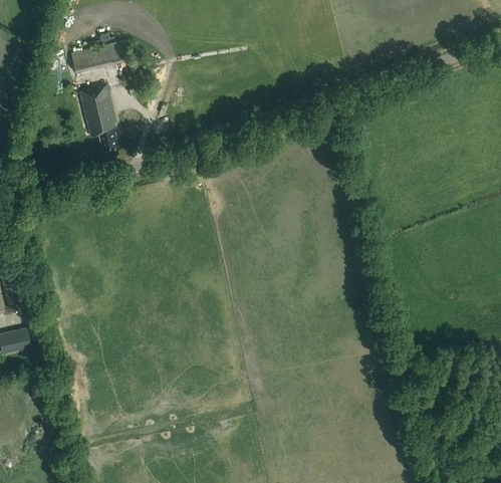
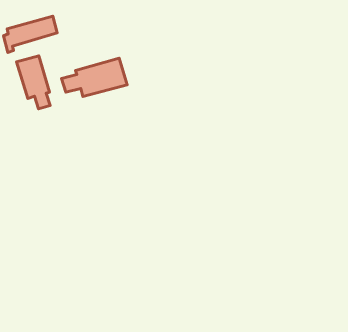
building: none -> [62,58,127,97]

